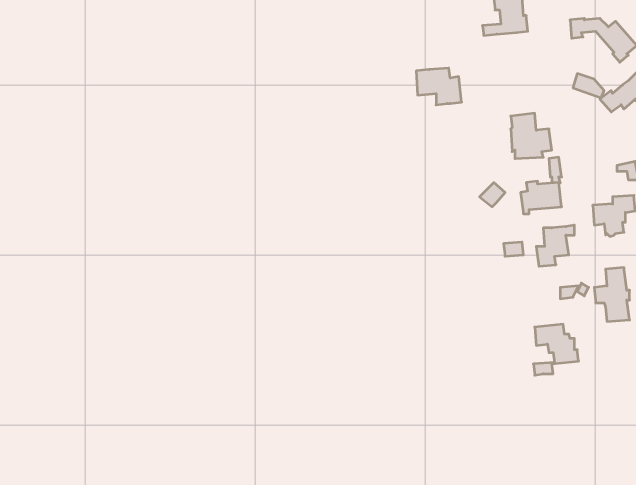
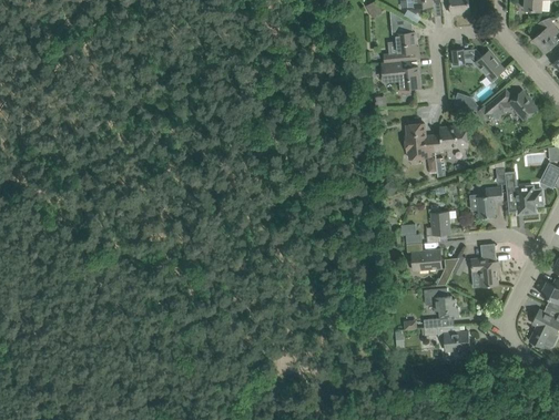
building: [416,68,462,105] -> [385,60,420,89]
building: [521,181,562,214] -> [436,126,468,152]
building: none -> [407,243,441,270]
building: none -> [435,325,470,351]

